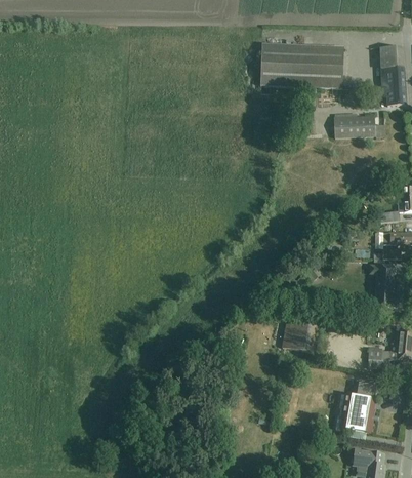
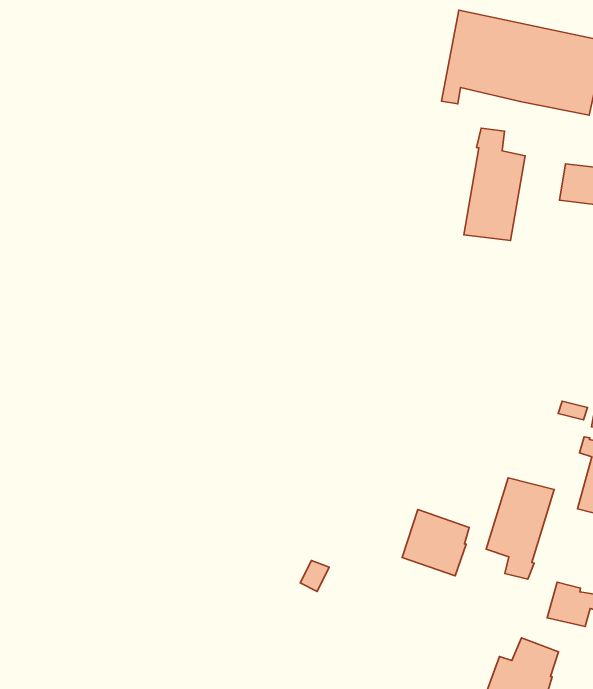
building: none -> [464,128,525,241]
building: none -> [486,478,554,579]

